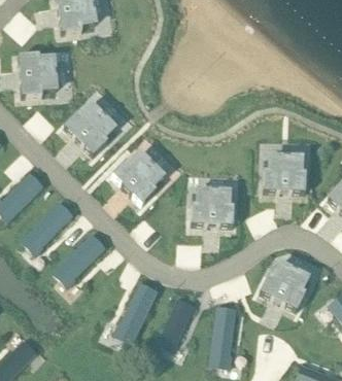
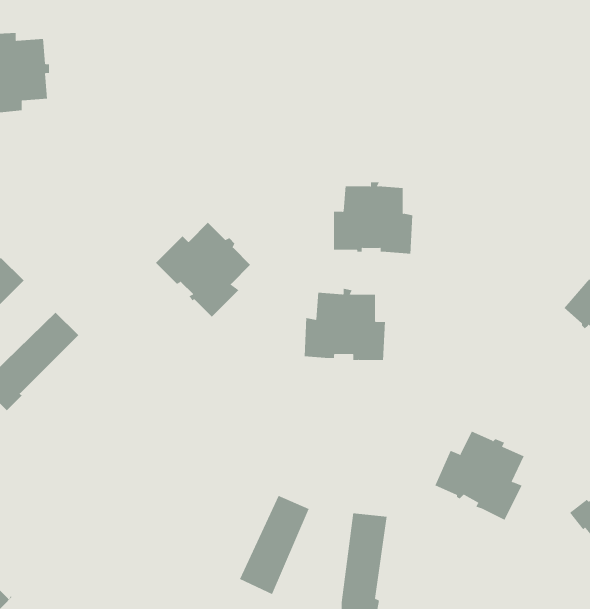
building: [64,105,114,155] -> none
building: [264,155,306,194] -> [333,182,413,254]
building: [55,233,105,285] -> none
building: [115,282,157,339] -> none

